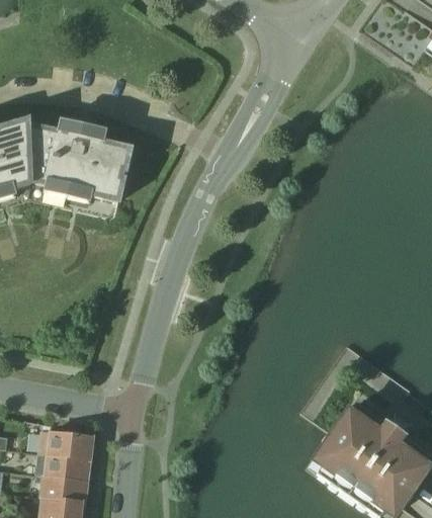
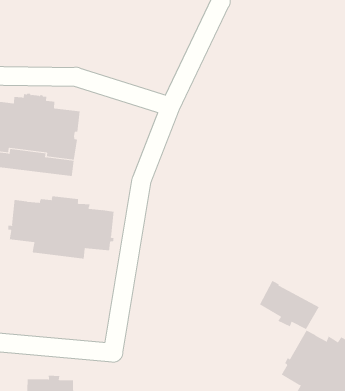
building: none -> [8,195,114,260]
building: none -> [259,280,319,330]

